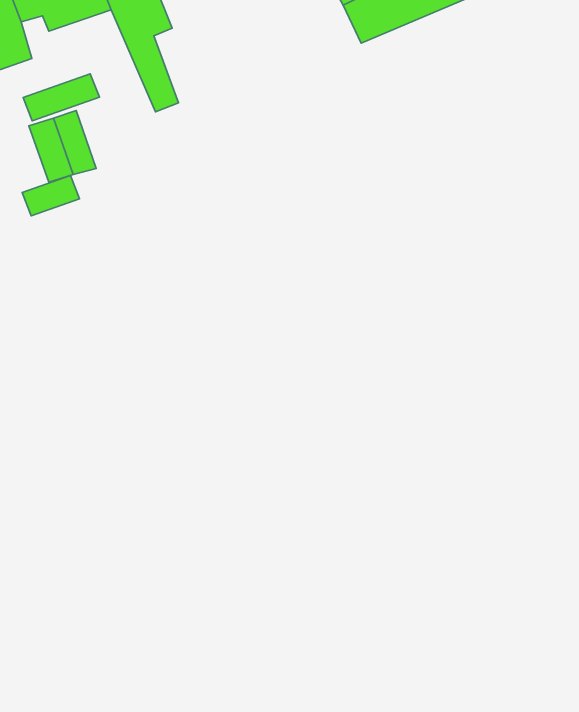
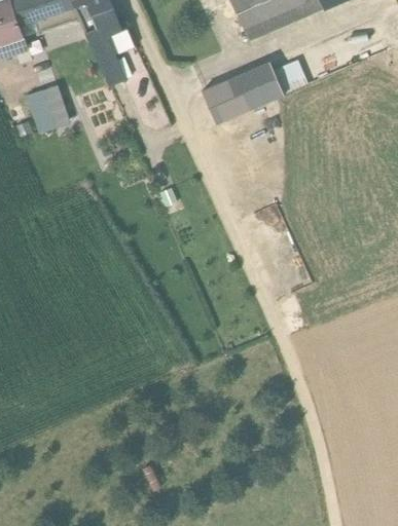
building: none -> [202,60,307,122]
building: [23,74,99,121] -> none
building: [22,175,80,216] -> none

